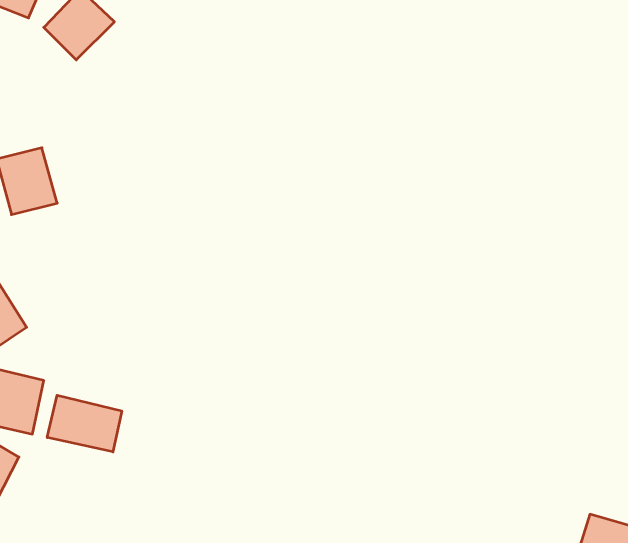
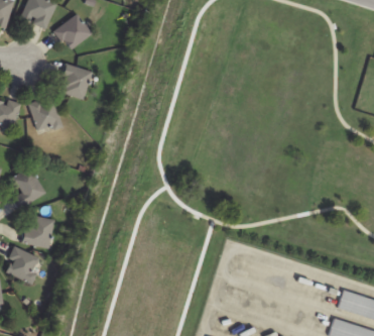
building: none -> [57,64,90,98]
building: [47,395,122,452] -> none

